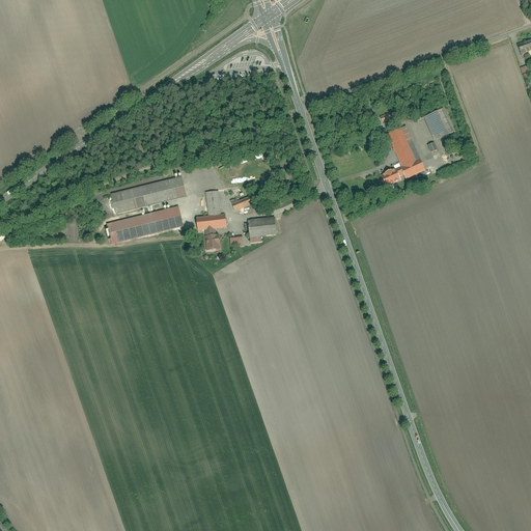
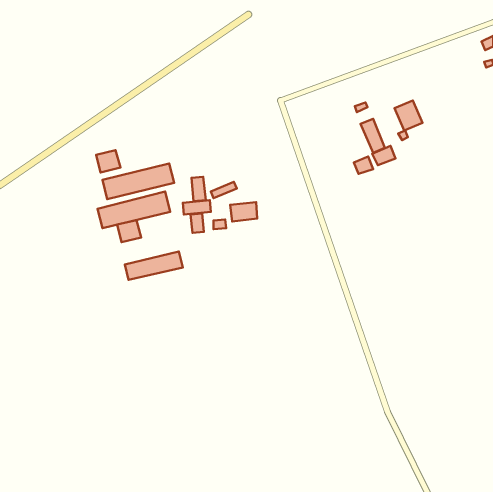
building: none -> [96,150,121,172]
building: none -> [117,220,141,242]
building: none -> [125,252,183,280]

